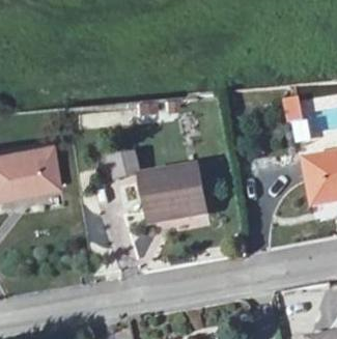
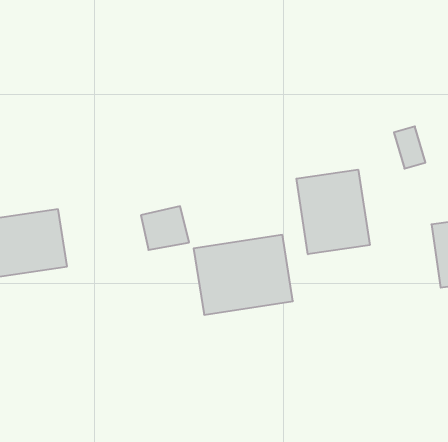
building: none -> [296,170,370,254]

